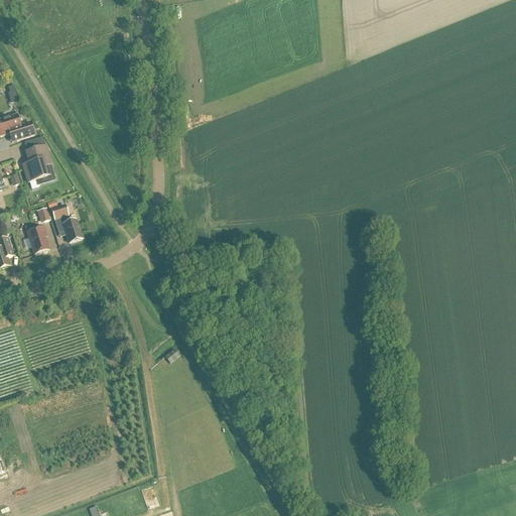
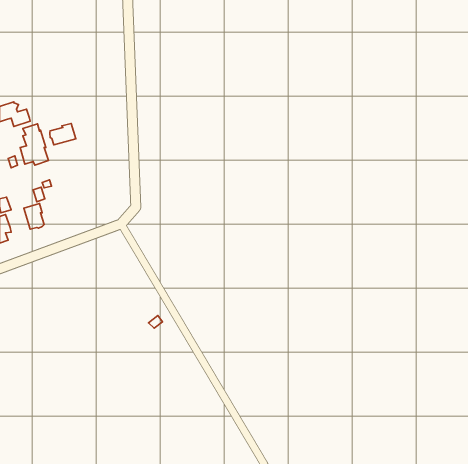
building: none -> [50,123,76,145]
building: [51,205,82,241] -> none

